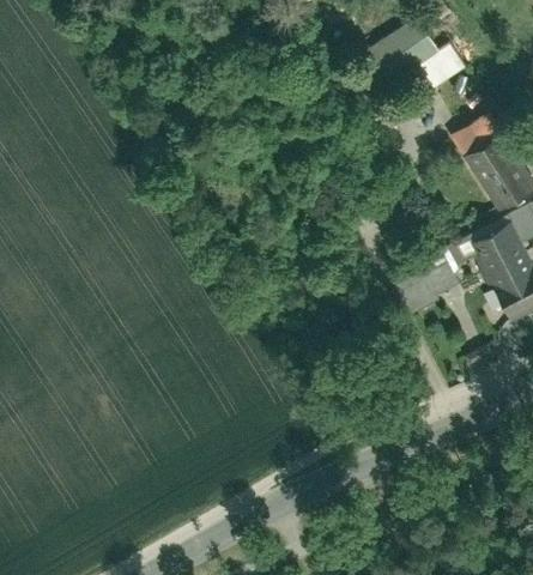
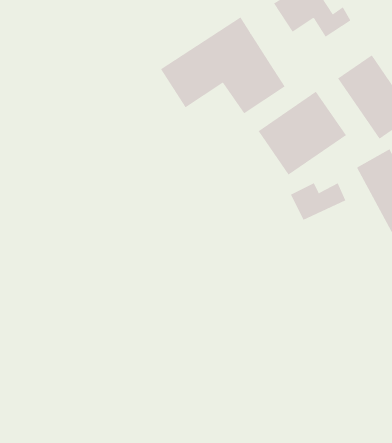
building: none -> [160,16,286,114]
building: none -> [258,91,347,175]

